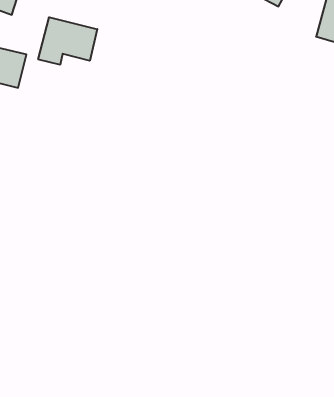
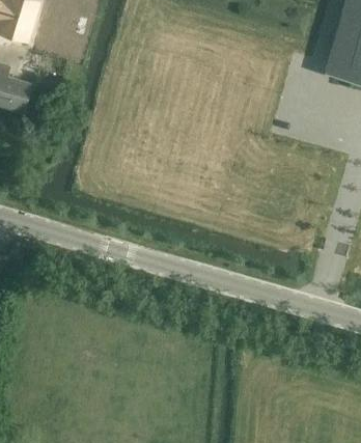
building: [38,17,97,65] -> none

